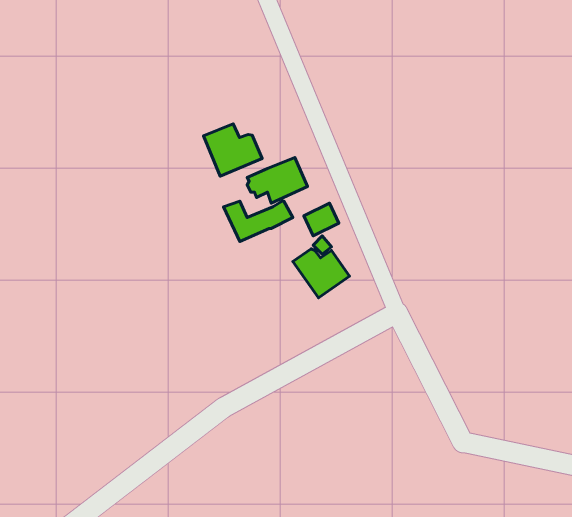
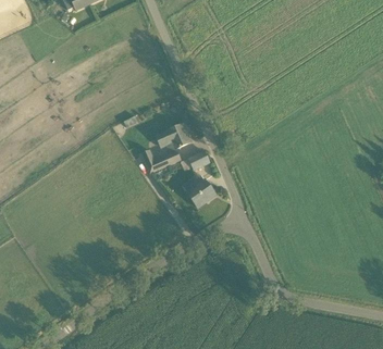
building: [204,124,262,176] -> none

